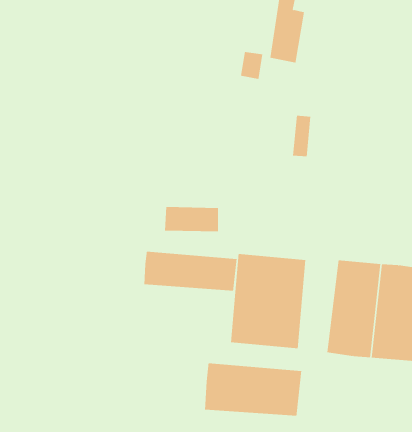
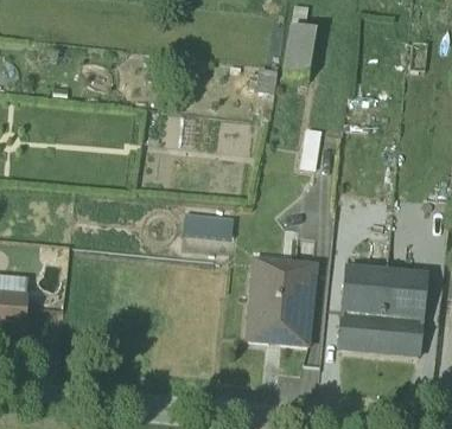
building: [144,251,237,291] -> none
building: [204,362,302,417] -> none

